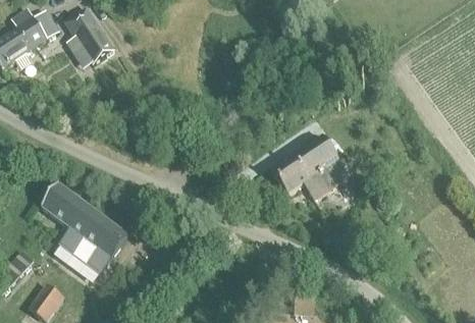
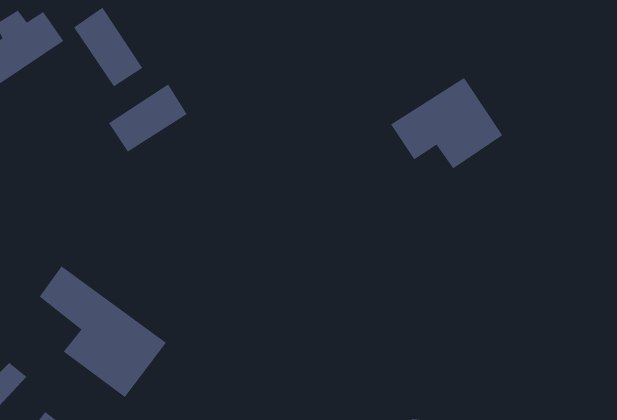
building: none -> [108,83,187,153]
building: [270,137,348,200] -> [390,77,503,169]

